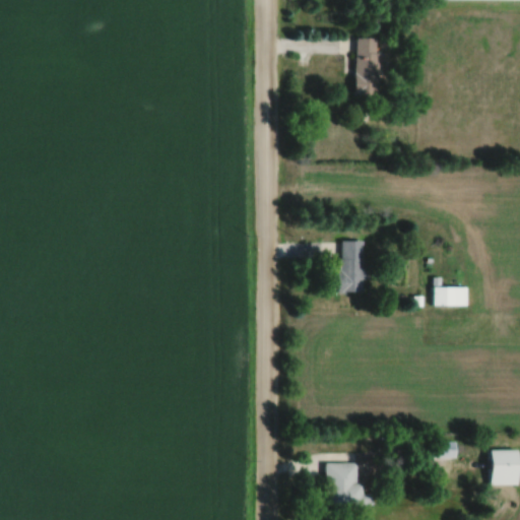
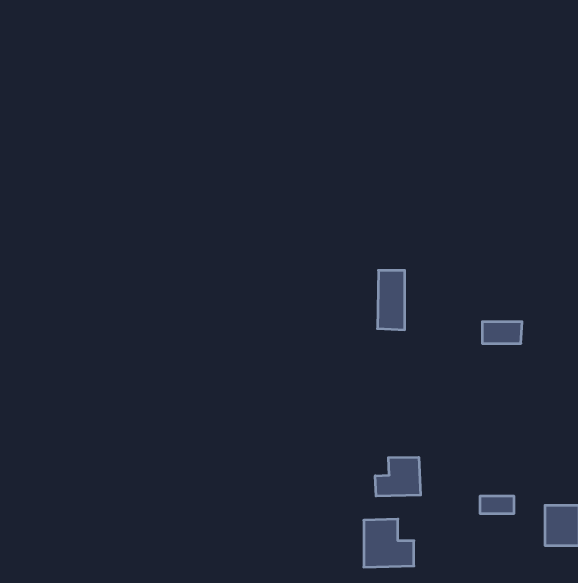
building: [355,38,380,95] -> none
building: none -> [375,457,421,496]

